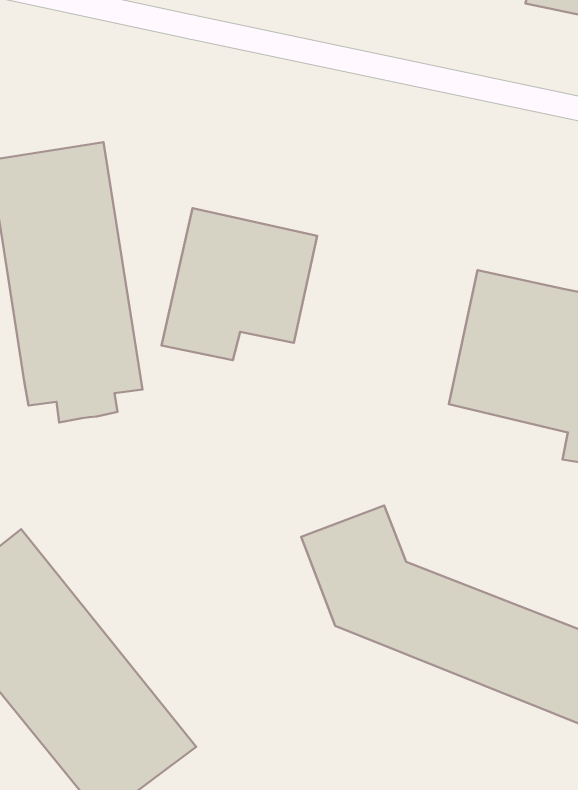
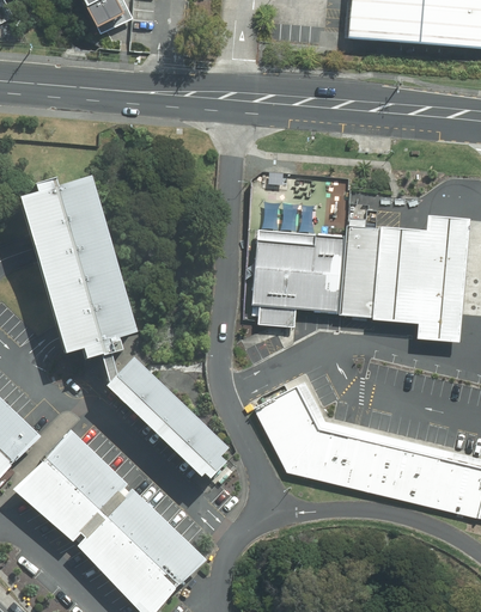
building: [161,208,317,360] -> [248,231,340,326]
building: none -> [110,356,230,477]

